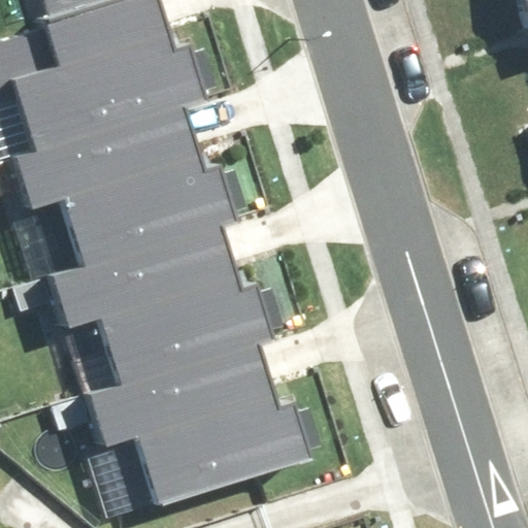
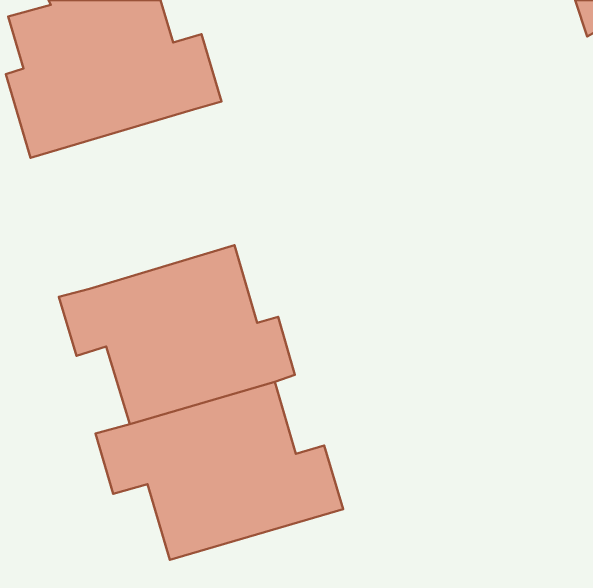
building: [19,108,230,265] -> none

